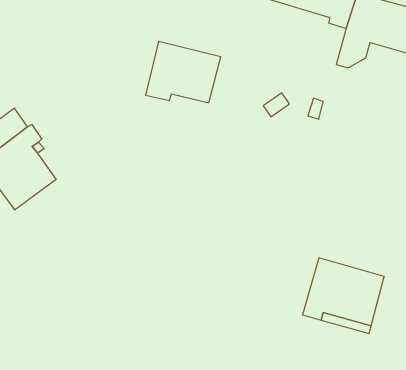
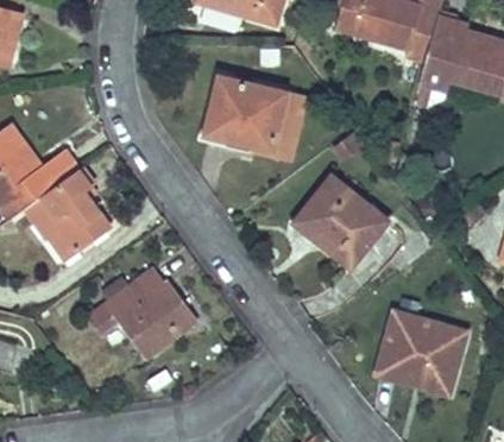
building: none -> [231,94,305,157]
building: none -> [300,176,386,269]
building: none -> [87,270,195,358]

